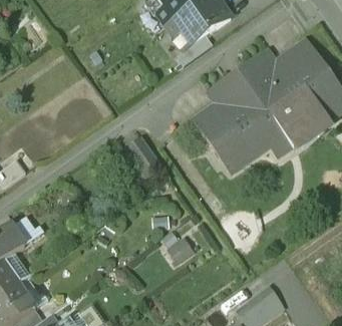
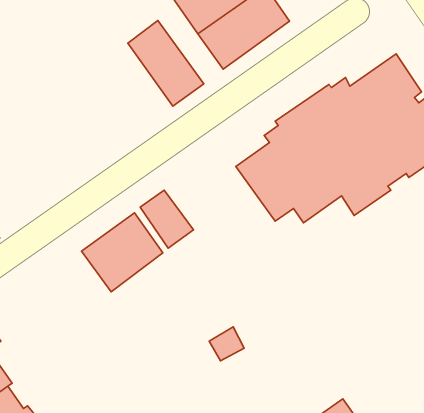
building: none -> [128,20,204,106]
building: none -> [81,213,163,292]

